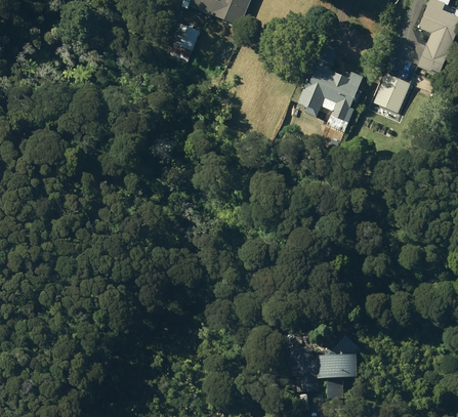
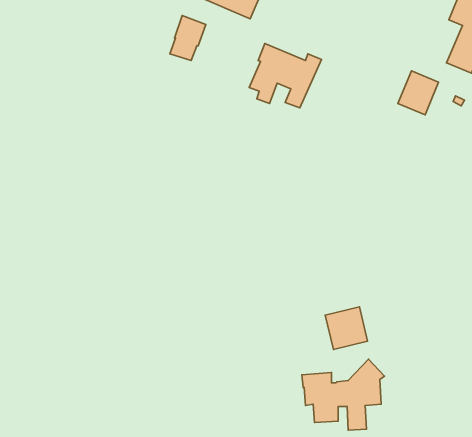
building: [298,61,364,120] -> [249,44,321,108]
building: none -> [325,307,367,349]

